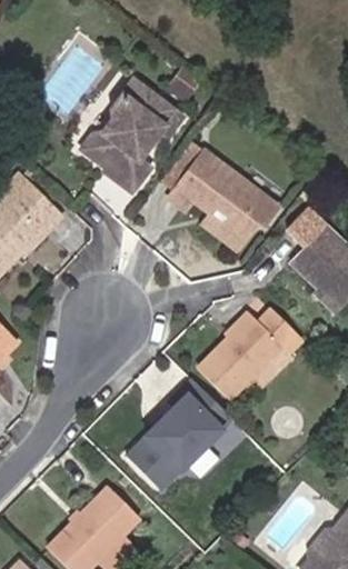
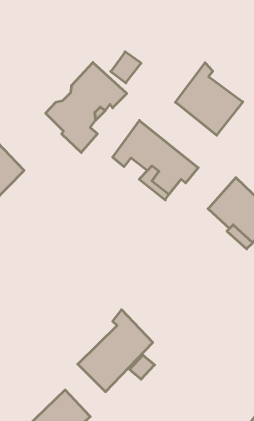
building: none -> [175,63,243,135]
building: [197,310,301,398] -> none

